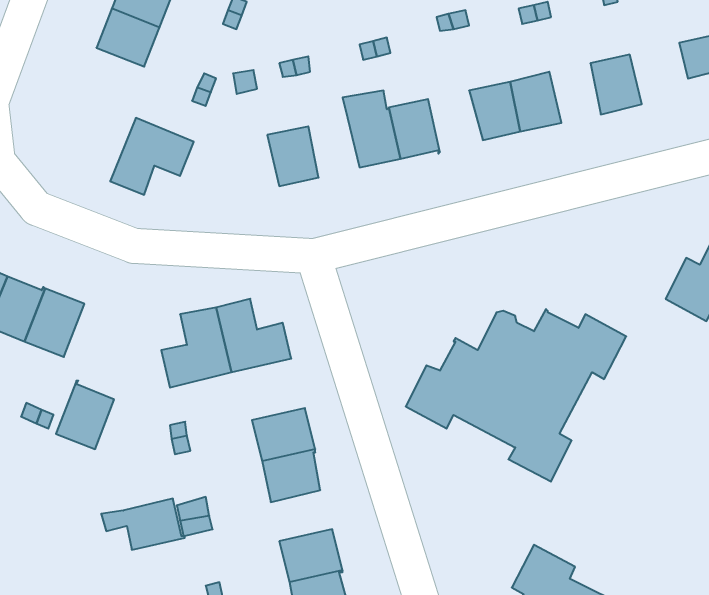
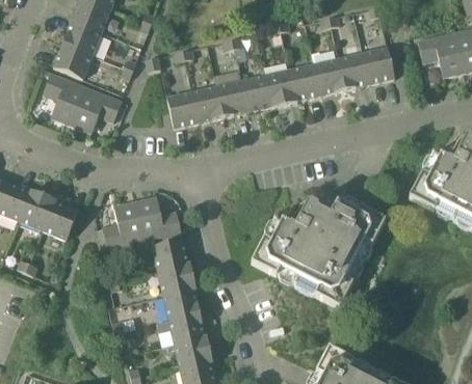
building: none -> [53,44,91,79]
building: none -> [338,53,369,89]
building: none -> [264,70,297,107]
building: none -> [43,73,86,125]
building: none -> [191,86,222,122]
building: none -> [152,239,189,270]
building: [56,381,114,449] -> [43,199,78,241]
building: [101,499,185,550] -> [155,312,206,344]

